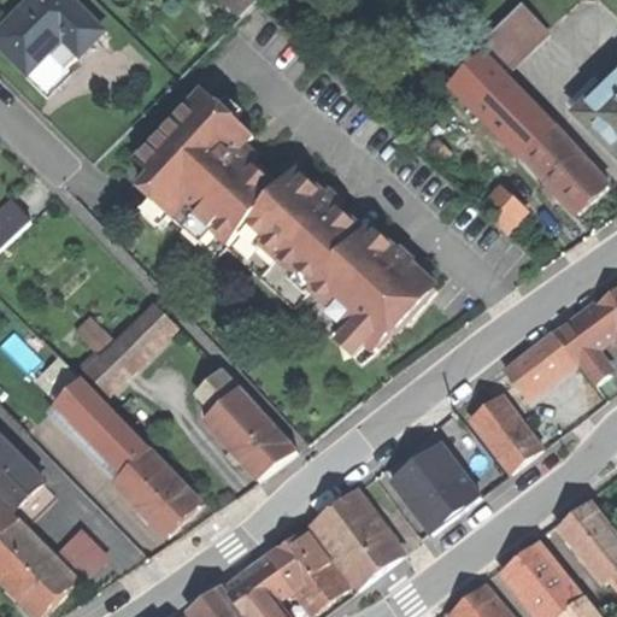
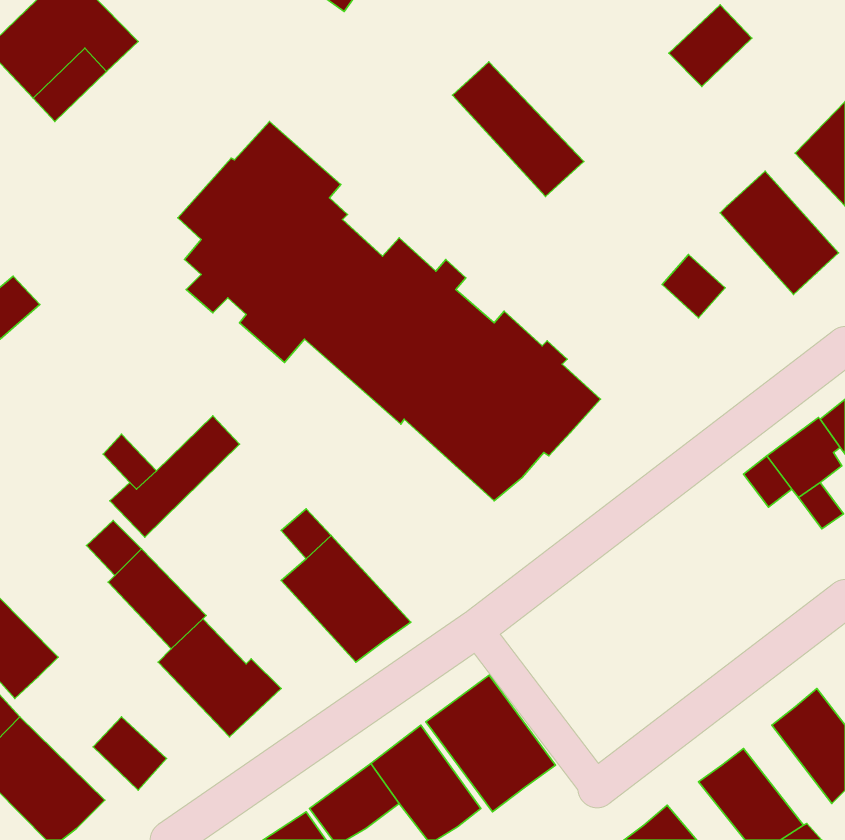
building: [459,52,554,149] -> [452,62,584,197]
building: [505,343,557,393] -> none
building: [471,394,542,471] -> none
building: [392,445,477,531] -> none

